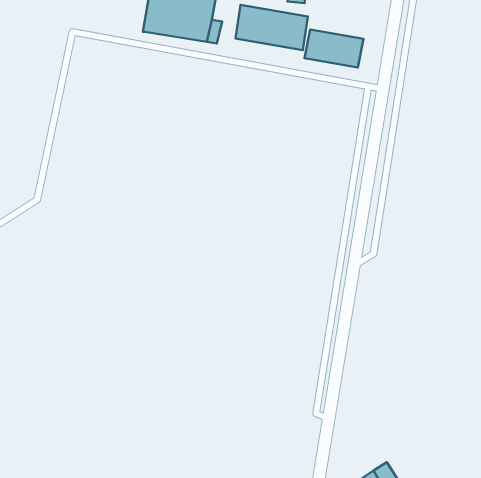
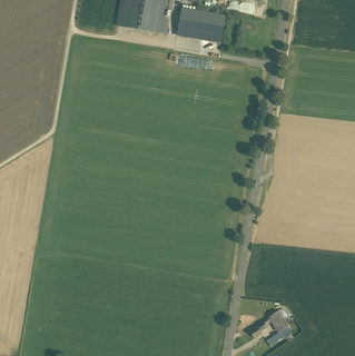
building: [304,29,364,68] -> none

